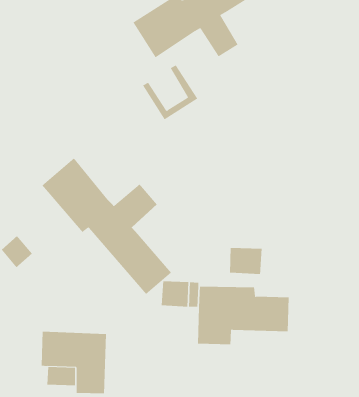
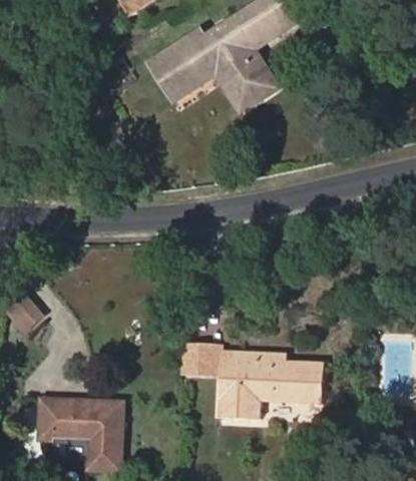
building: [142,65,198,120] -> [217,49,278,110]
building: [42,158,172,295] -> none
building: [230,247,262,275] -> none

